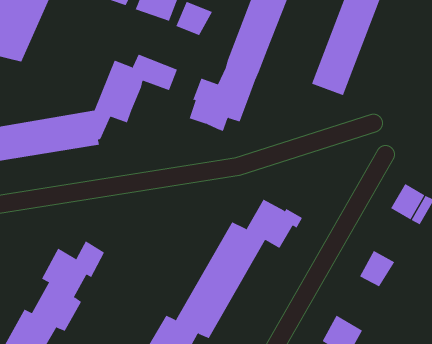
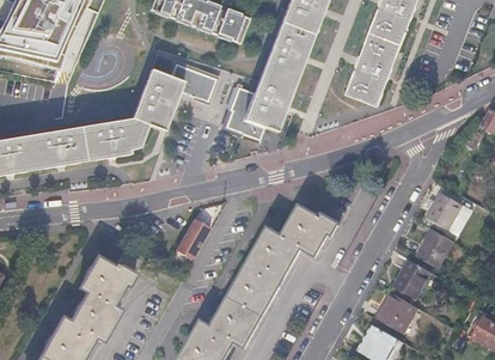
building: none -> [173,219,207,258]
building: none -> [417,228,452,266]
building: none -> [375,291,416,331]

